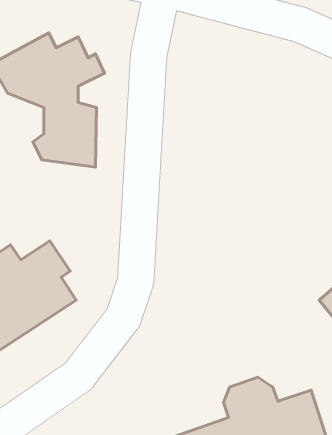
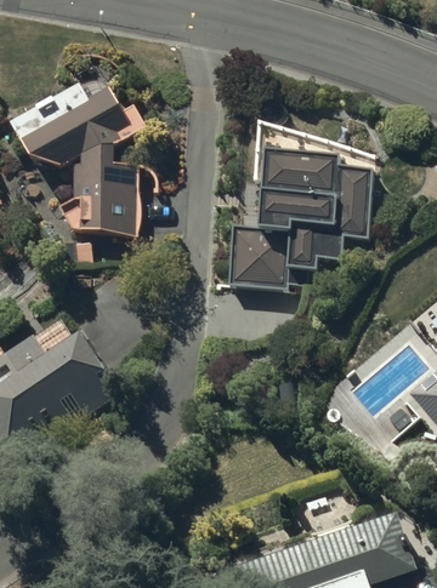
building: none -> [231,147,371,290]

